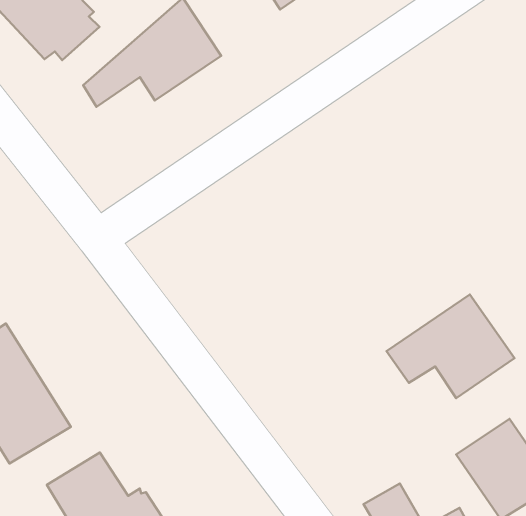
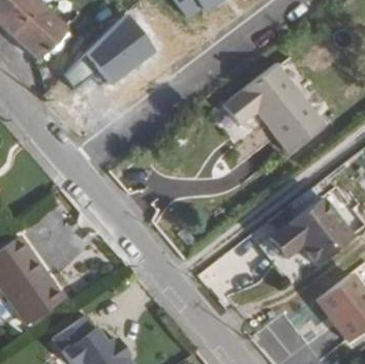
building: none -> [221,63,323,150]

